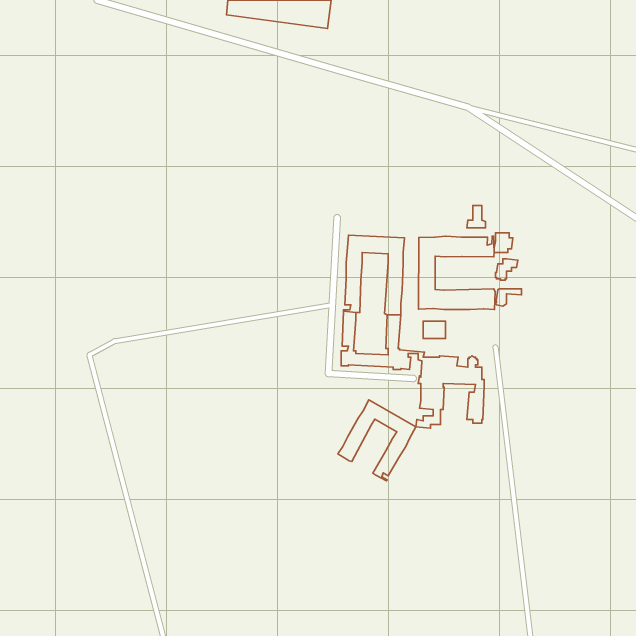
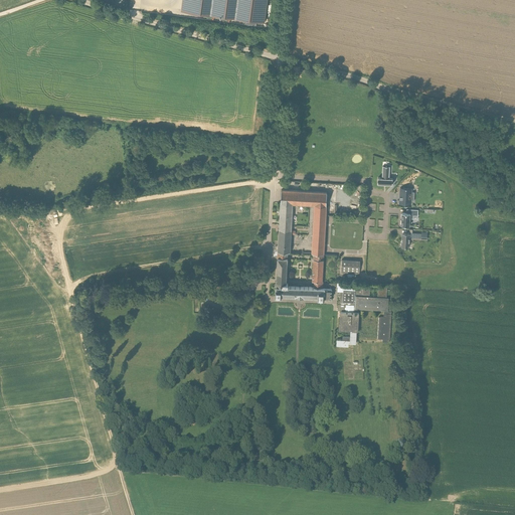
building: [419,236,495,309] -> none
building: [338,400,416,481] -> none

